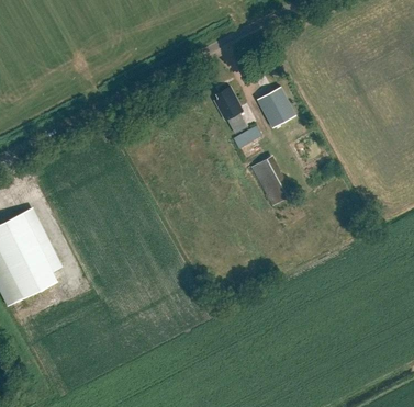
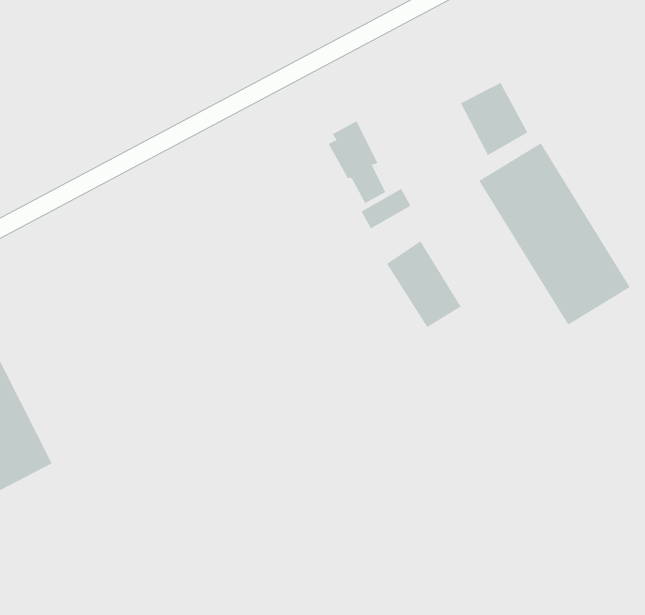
building: [257,87,295,128] -> [460,82,528,156]
building: none -> [479,142,631,325]

